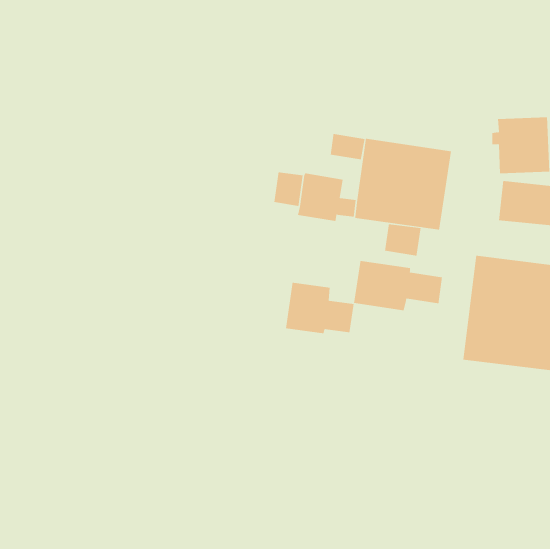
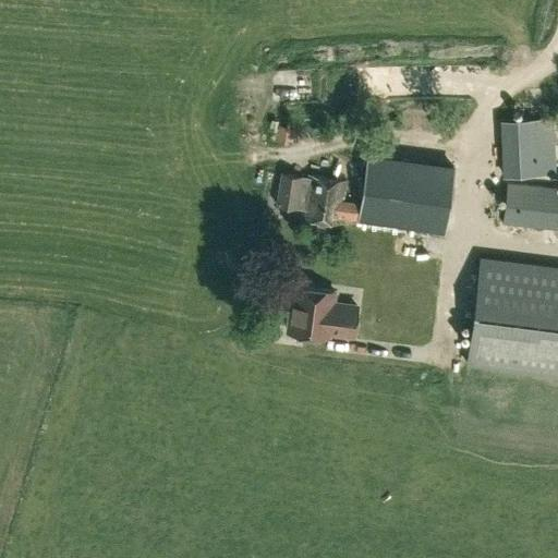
building: [330,133,365,160] -> none
building: [384,223,421,256] -> none
building: [354,260,443,311] -> none

